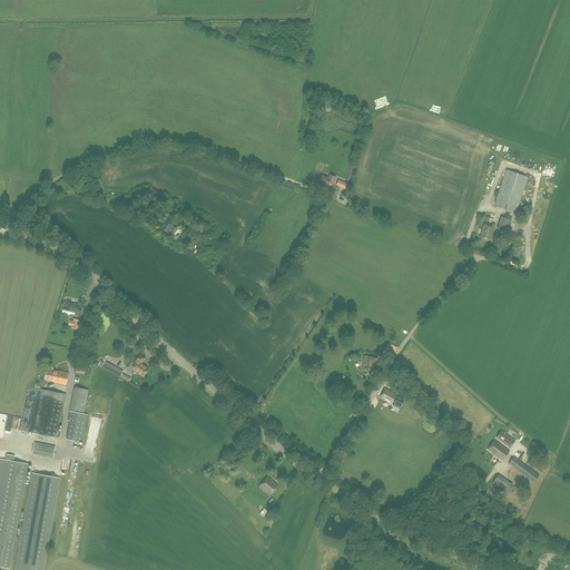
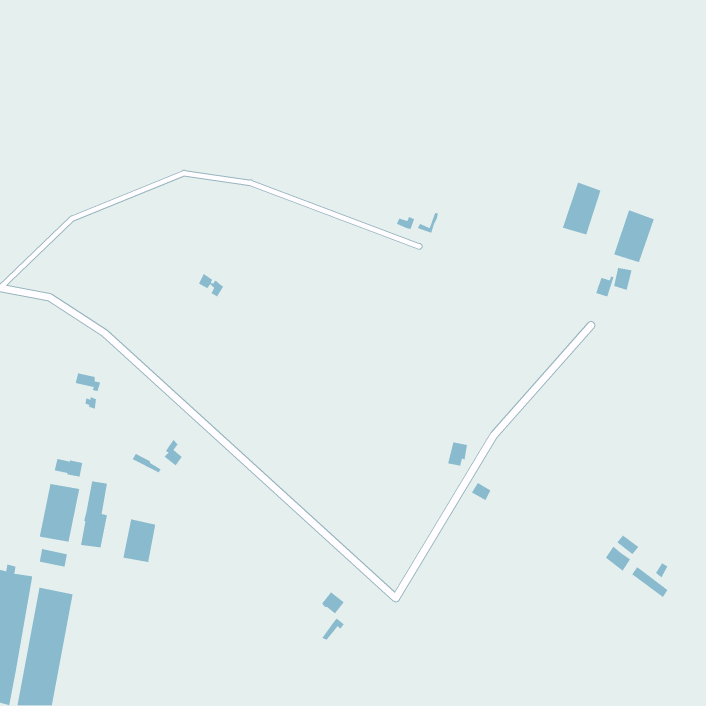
building: none -> [562,182,602,236]
building: none -> [123,519,156,563]

